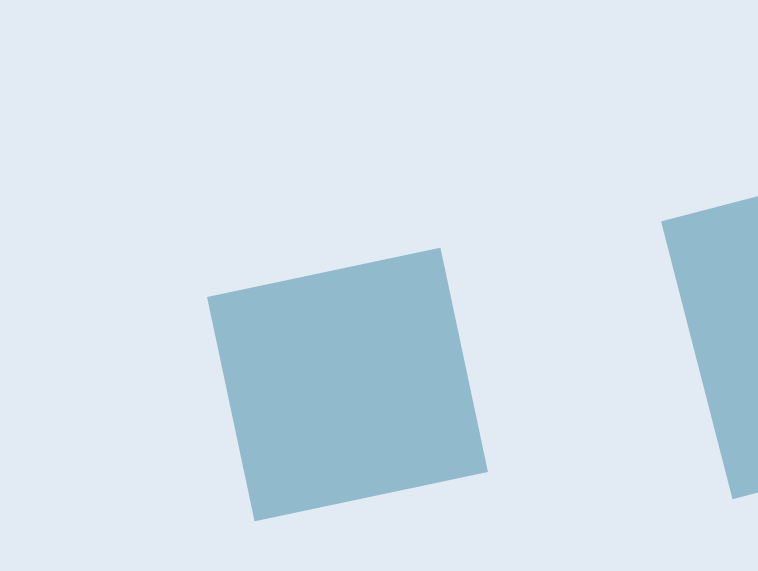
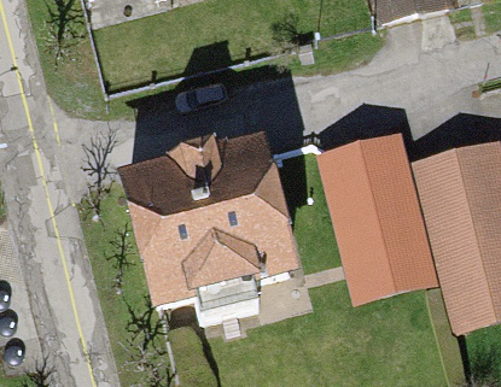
building: none -> [316,125,426,288]

